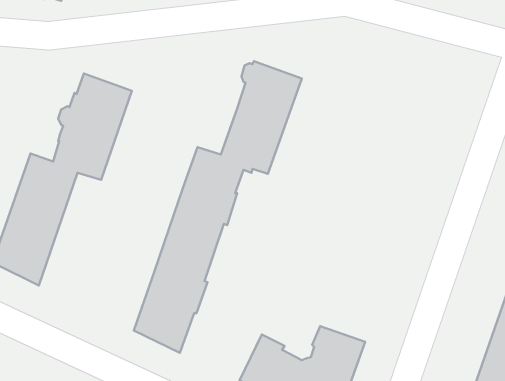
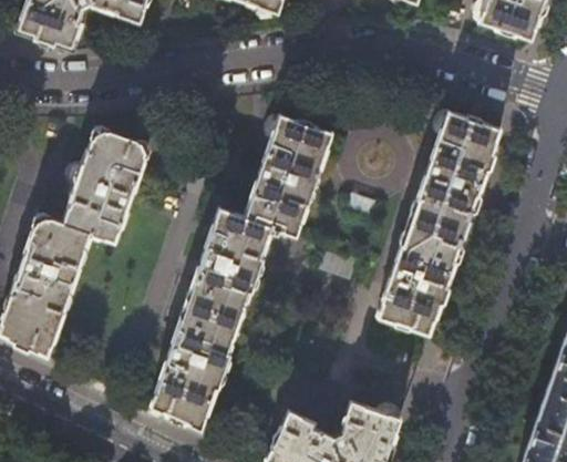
building: none -> [377,112,499,336]

